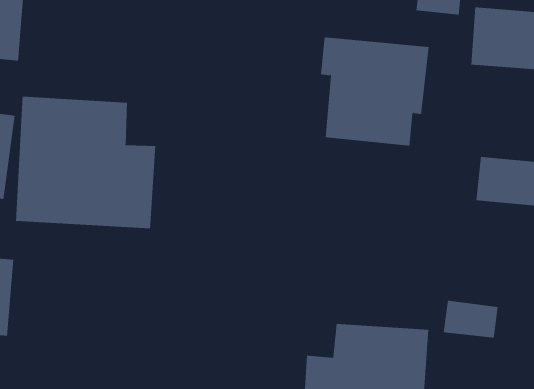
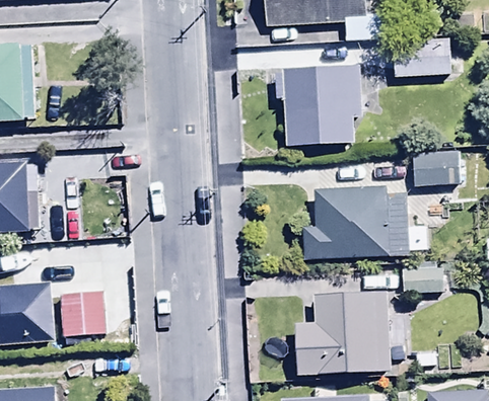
building: [15,96,156,229] -> none
building: none -> [303,187,406,260]
building: none -> [58,280,107,336]

